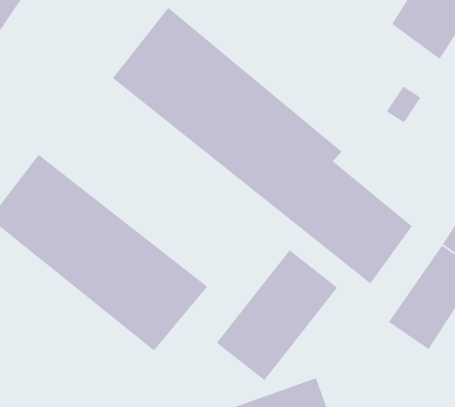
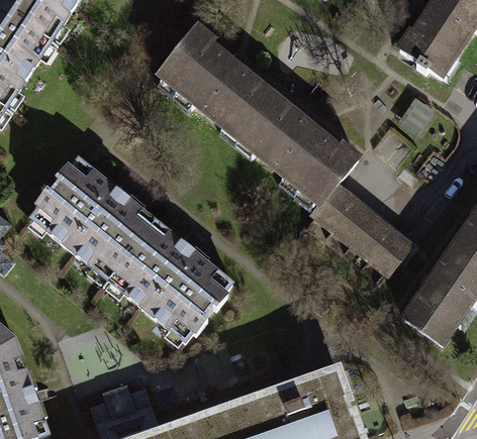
building: [216,249,338,381] -> none

